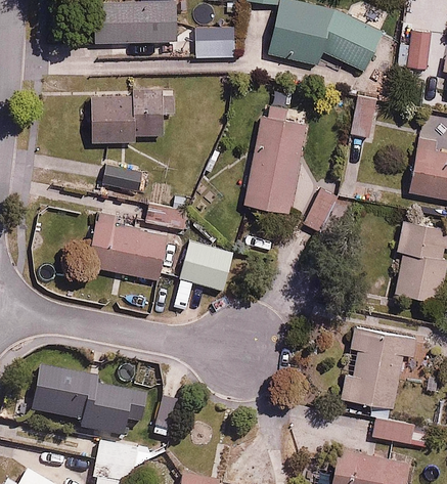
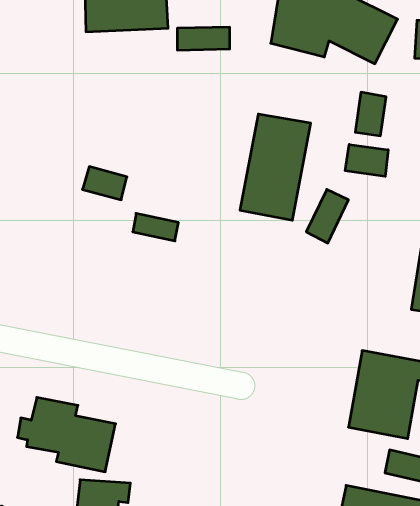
building: [93,94,174,141] -> none
building: none -> [345,144,388,176]
building: [87,196,167,281] -> none
building: [177,239,232,290] -> none

